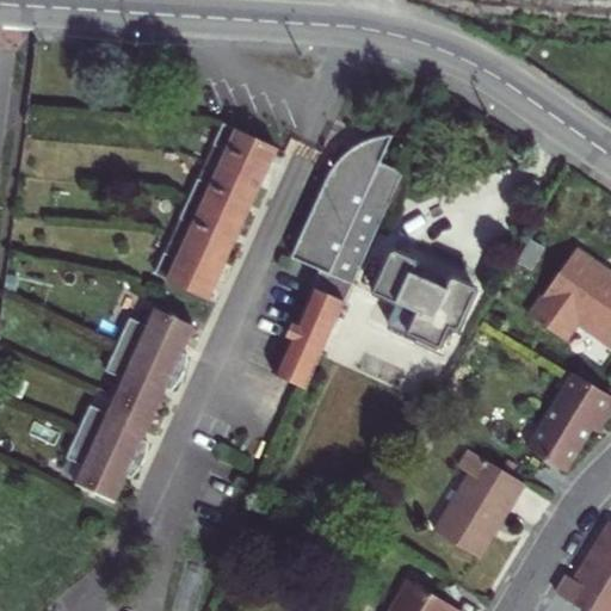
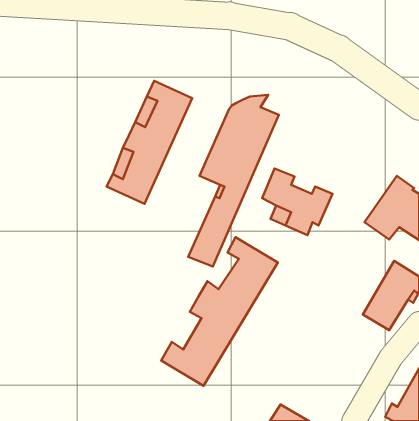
building: [68,302,197,496] -> none
building: none -> [161,237,278,386]
building: [433,455,521,563] -> none

